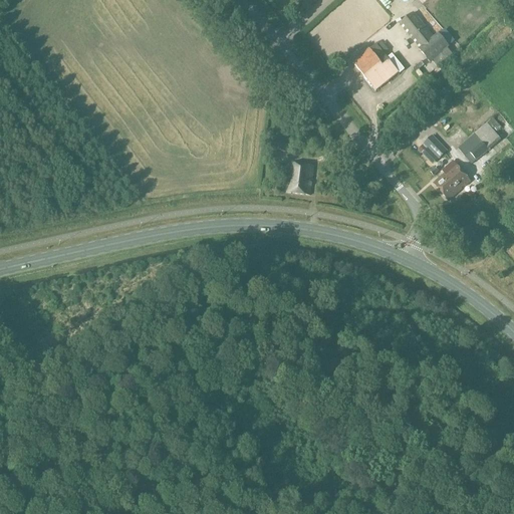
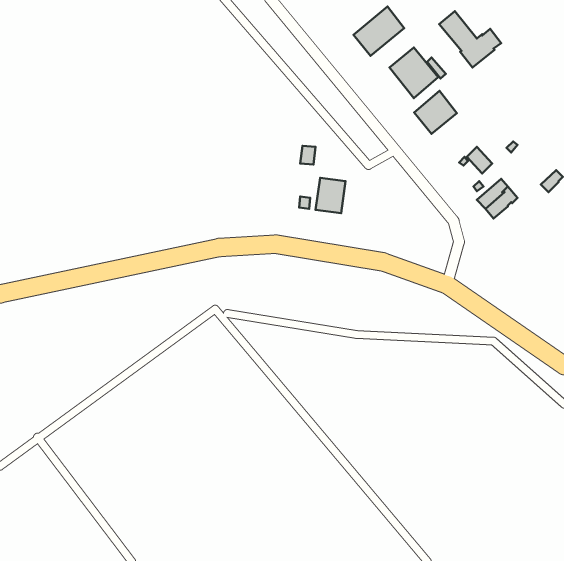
building: none -> [353,6,404,56]
building: none -> [414,91,457,134]
building: [459,116,503,163] -> none

